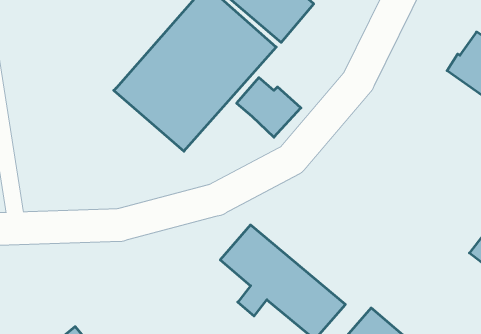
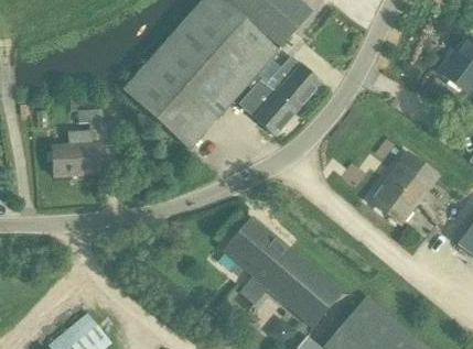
building: none -> [272,55,321,107]
building: none -> [53,108,117,176]
building: none -> [373,152,438,223]

